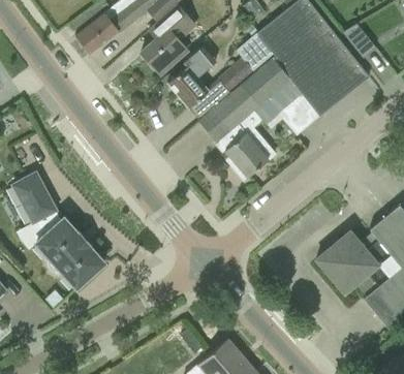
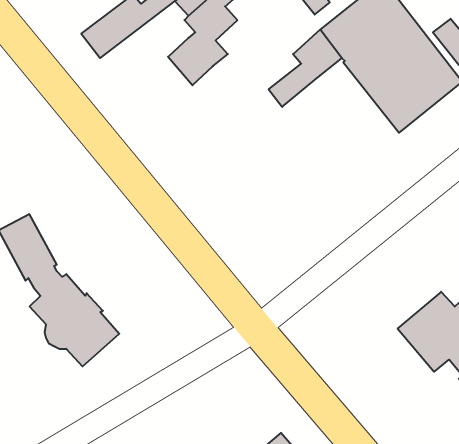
building: [167,45,215,107] -> none
building: [198,57,320,181] -> none

